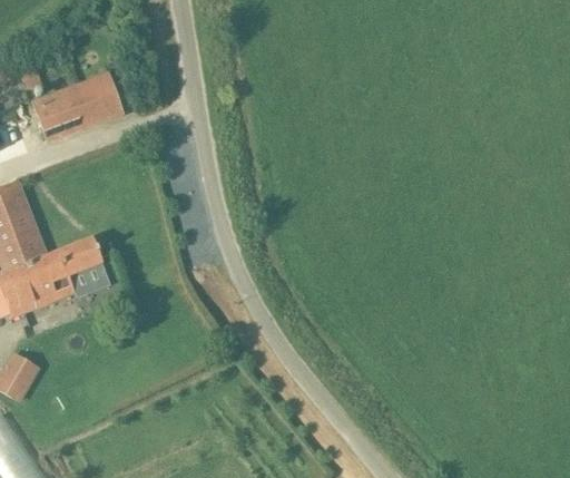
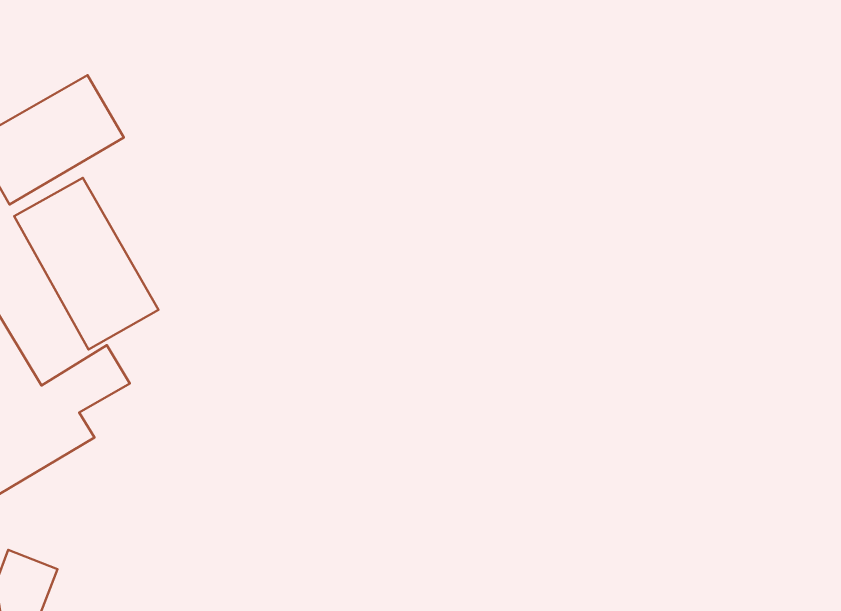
building: none -> [14,178,158,350]
building: [75,265,108,293] -> none

